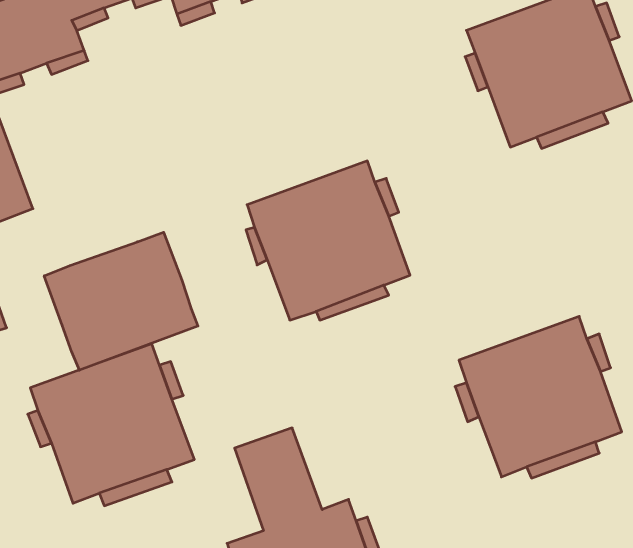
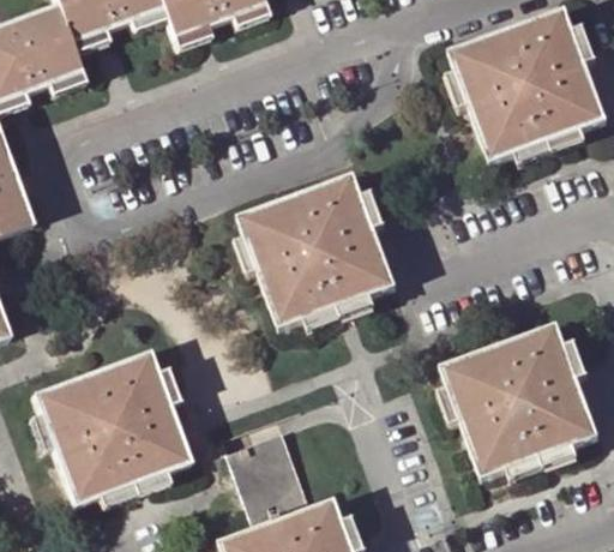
building: [44,232,198,370] -> none

